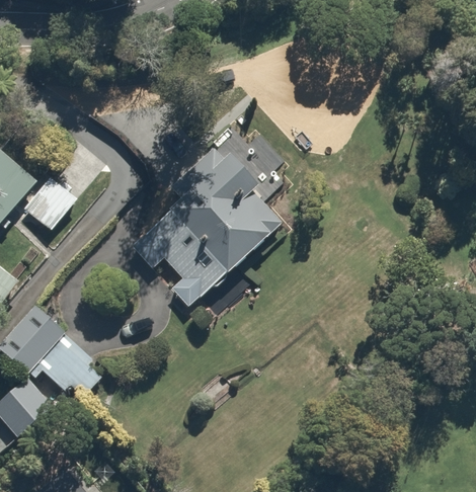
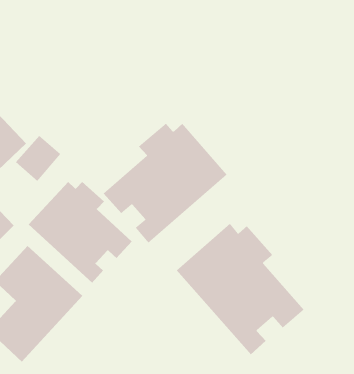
building: none -> [28,181,132,284]
building: none -> [176,223,304,355]

